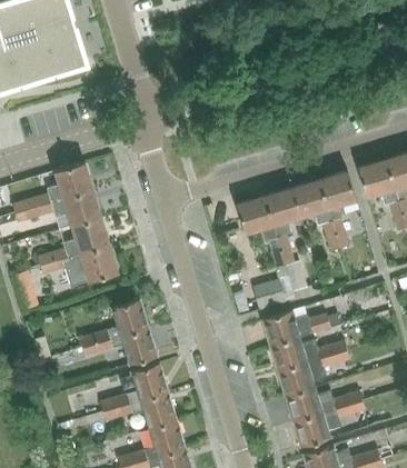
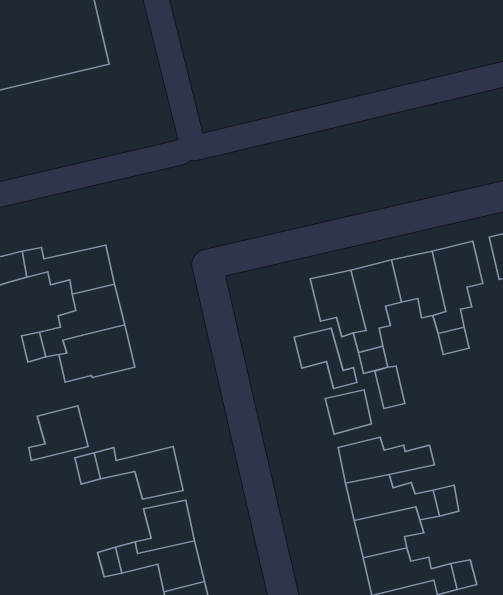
building: [46,162,92,202] -> none
building: none -> [294,328,357,388]
building: [107,299,148,339] -> [29,406,88,461]

